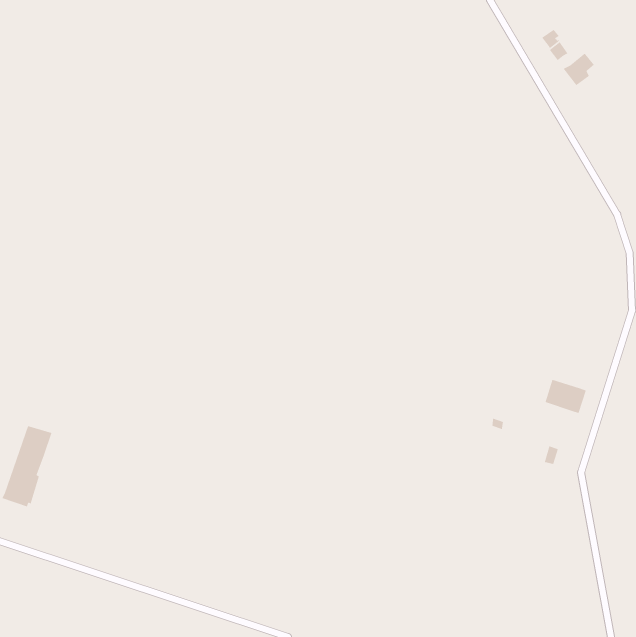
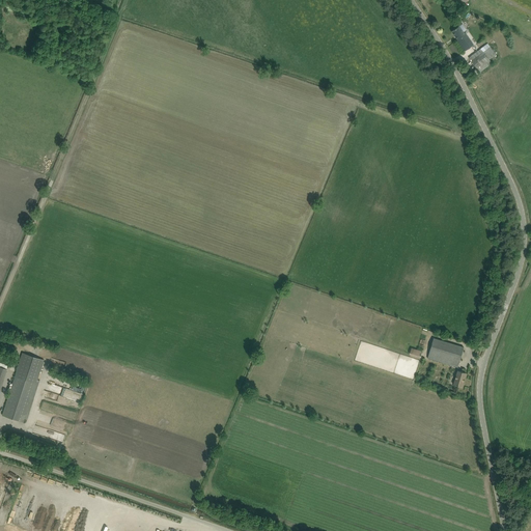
building: [544,379,587,414] -> [427,338,463,367]

